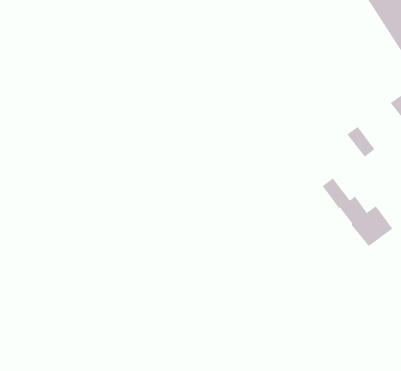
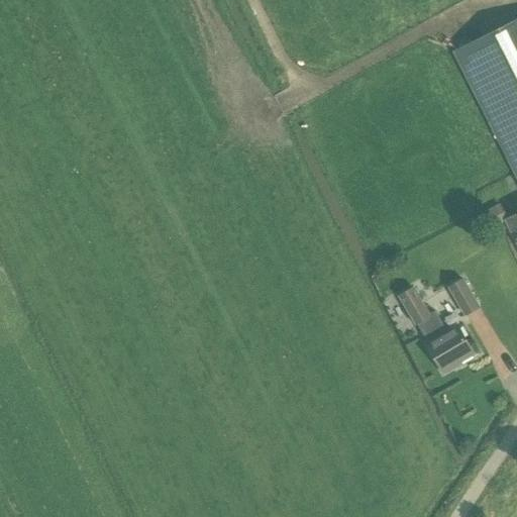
building: [347,126,375,158] -> [448,280,479,316]

